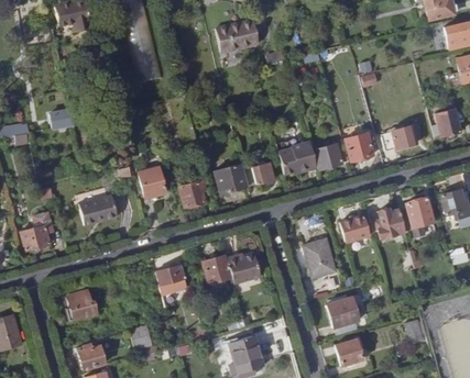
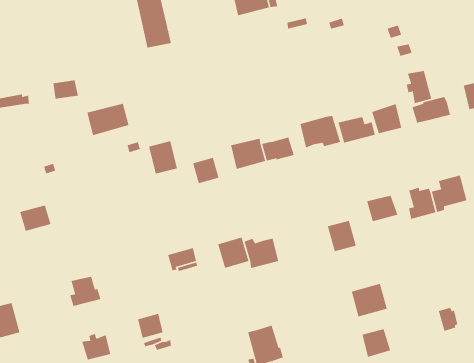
building: none -> [406,70,432,104]
building: [76,196,116,226] -> [87,103,130,136]

